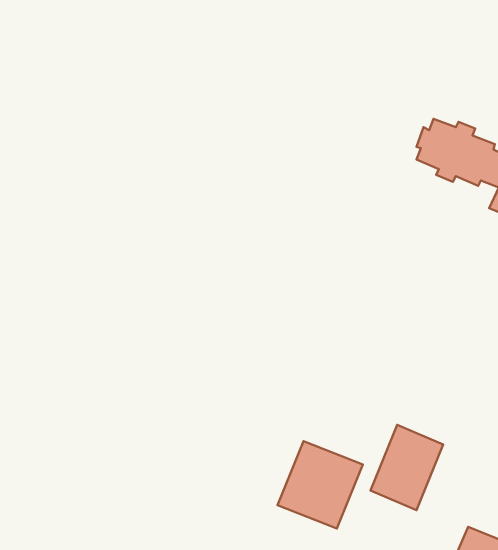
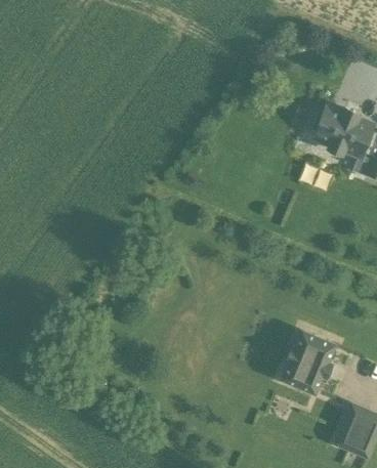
building: [277,441,363,528] -> none

